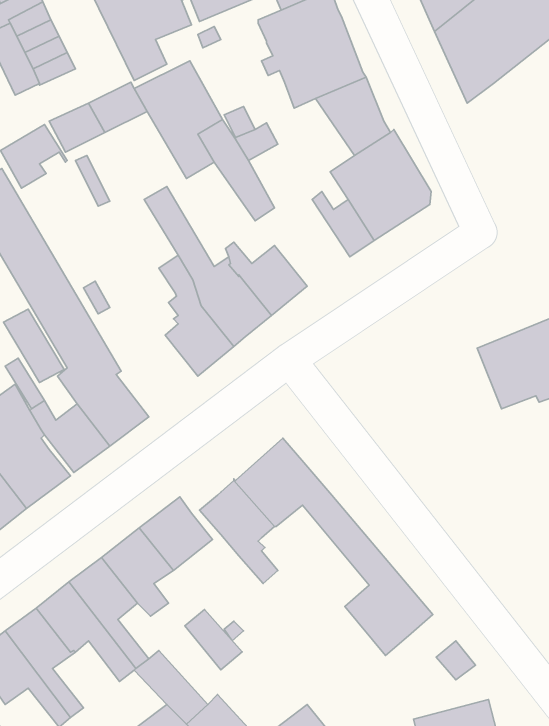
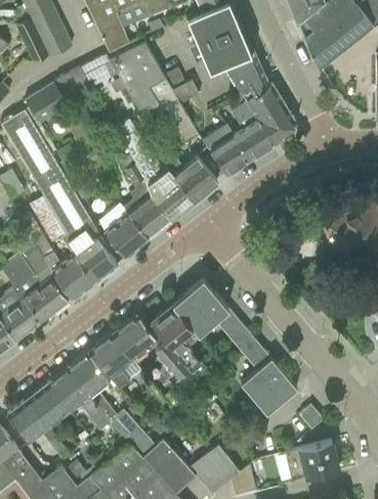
building: none -> [204,129,245,176]
building: none -> [106,214,150,259]
building: [185,609,242,670] -> [156,344,192,381]

